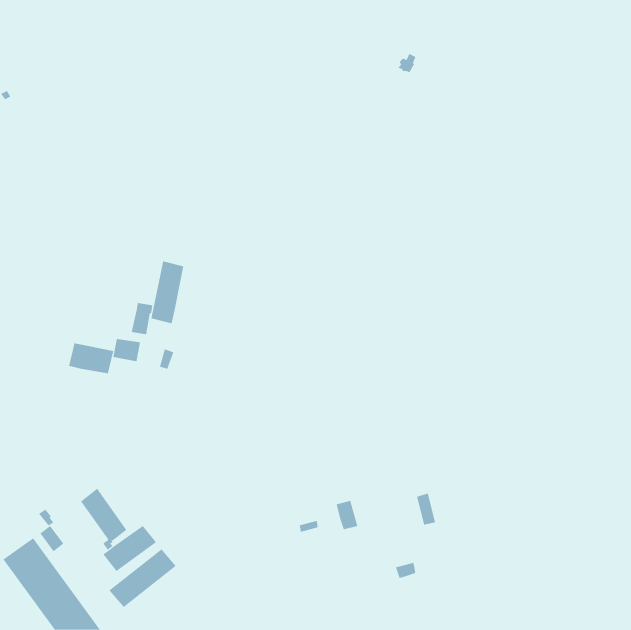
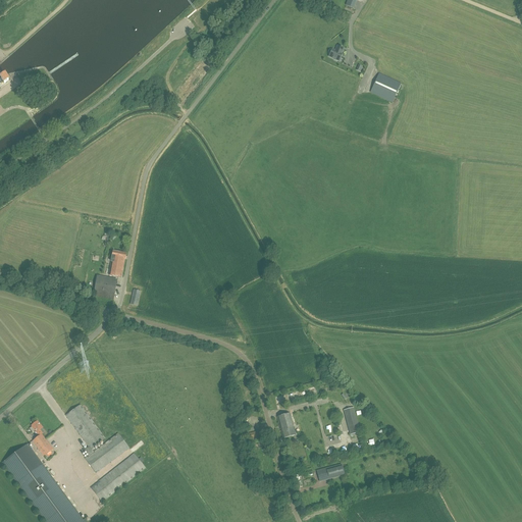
building: none -> [370,72,401,101]
building: [151,261,184,324] -> none
building: [69,343,114,374] -> none

